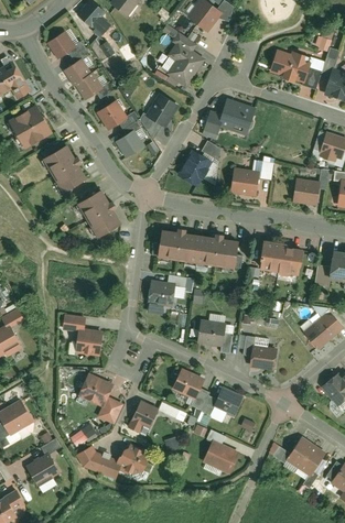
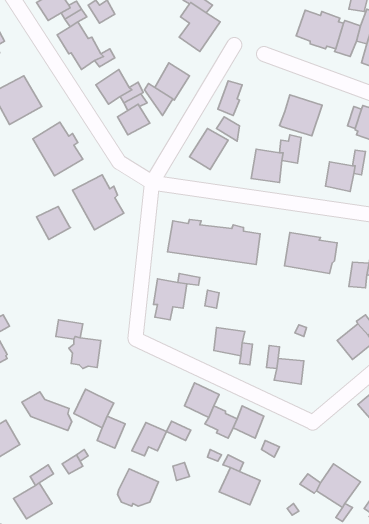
building: [218,99,255,134] -> [280,95,322,136]
building: none -> [37,206,70,239]
building: [76,446,119,479] -> [22,392,72,430]

